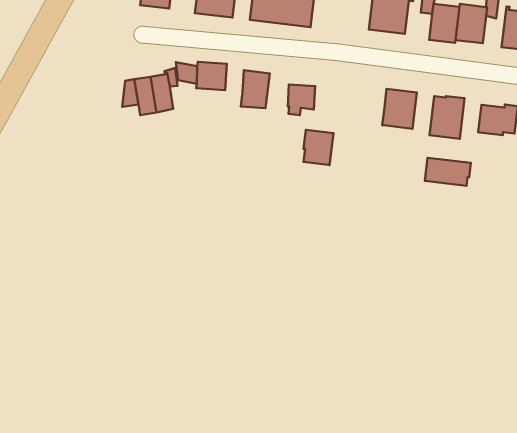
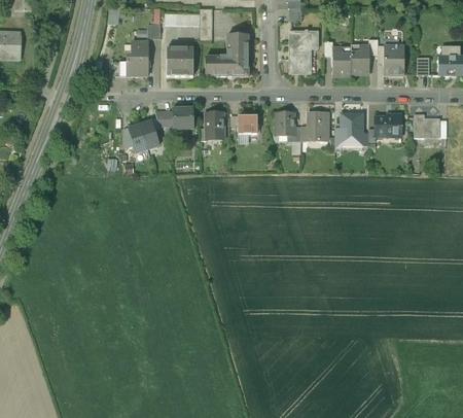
building: [304,130,333,165] -> [275,113,294,136]
building: [425,158,471,186] -> none

